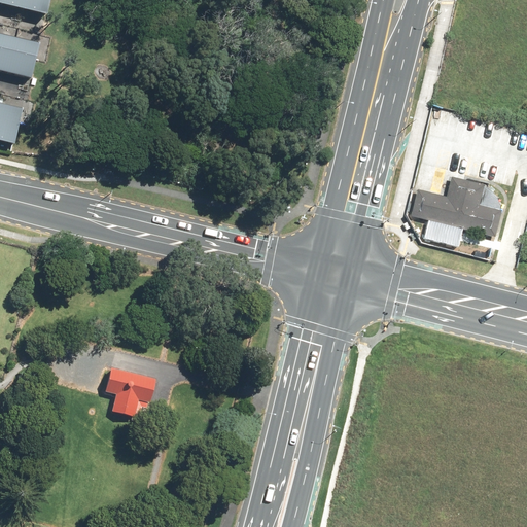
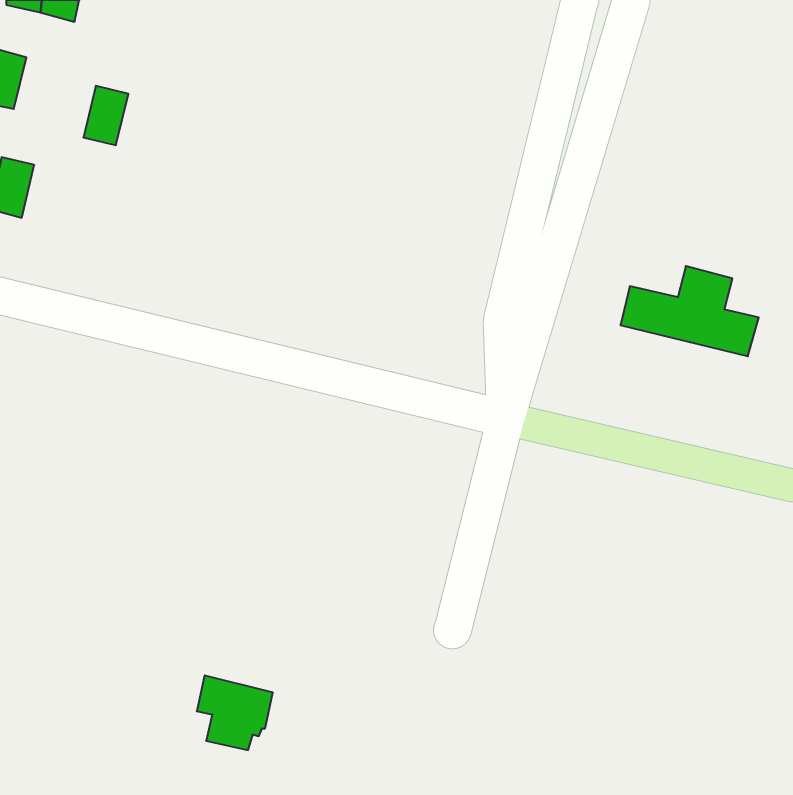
building: [9,38,39,77] -> [83,86,128,145]
building: [105,366,155,416] -> [197,675,273,750]

